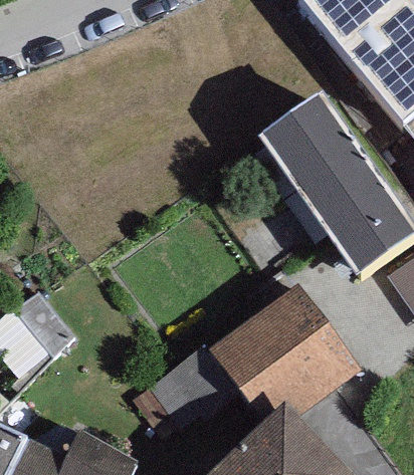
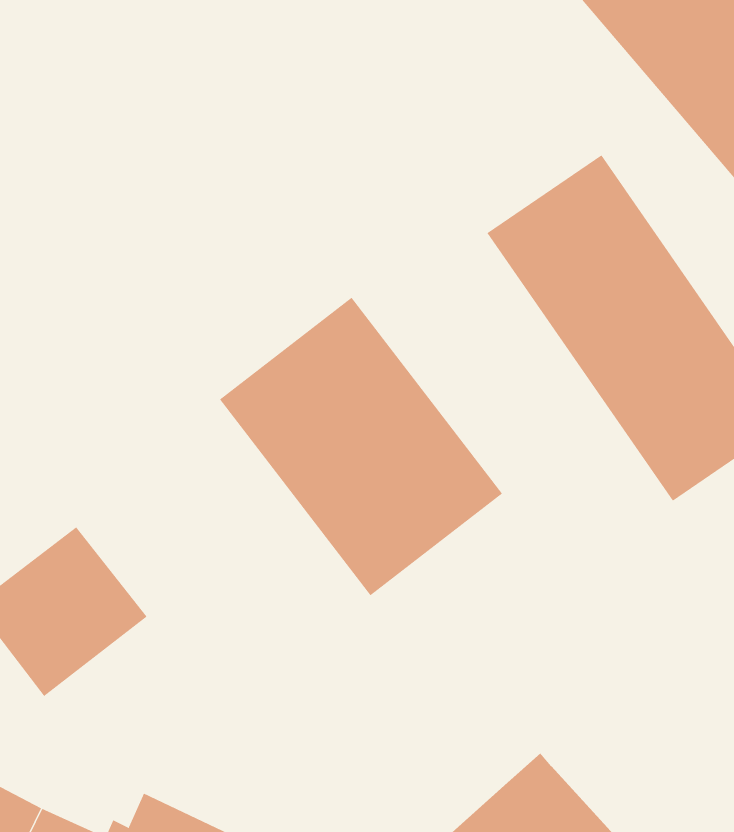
building: none -> [219,297,503,596]
building: [207,280,363,428] -> none

